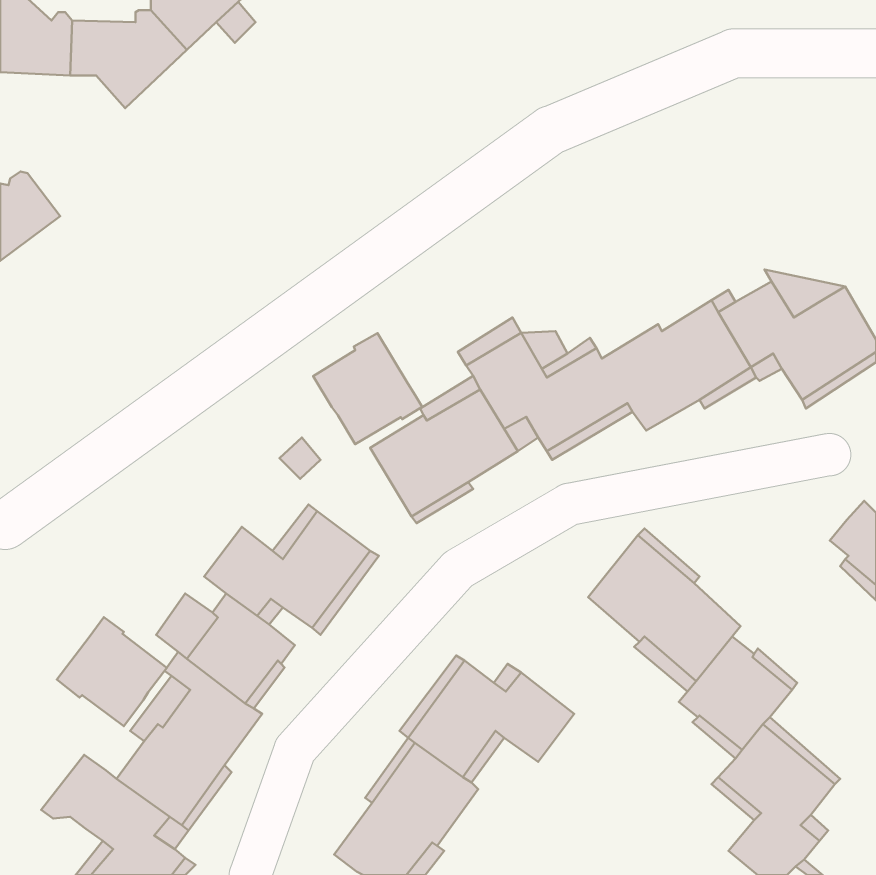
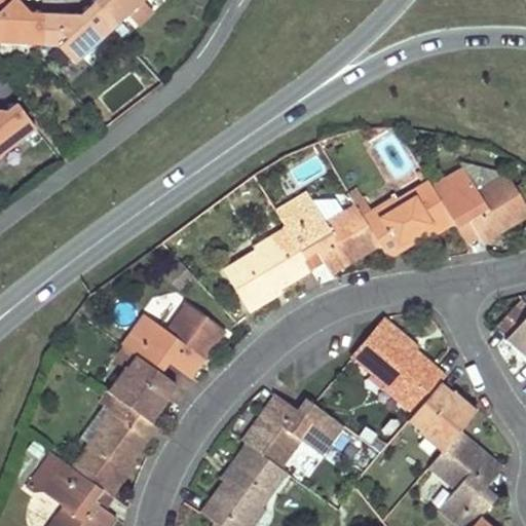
building: [313,333,422,444] -> none
building: [57,617,167,726] -> none

